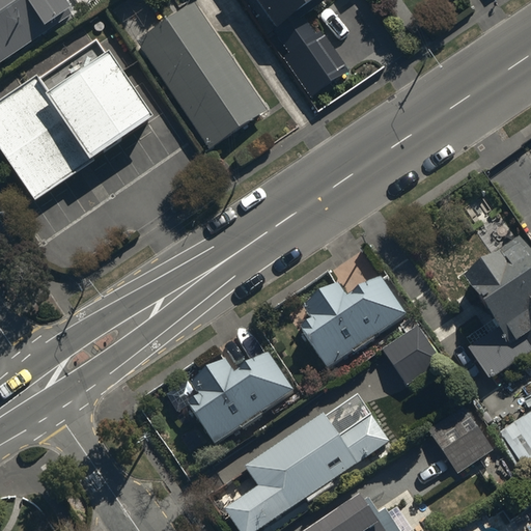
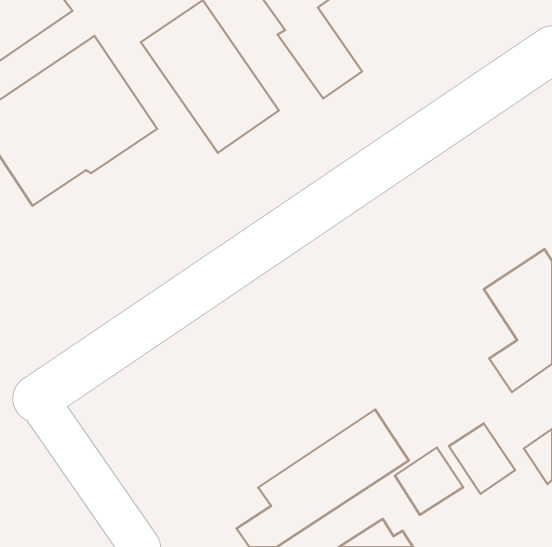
building: [301,275,407,366] -> none
building: [381,323,442,384] -> none
building: [188,351,294,442] -> none
building: none -> [395,448,463,515]

